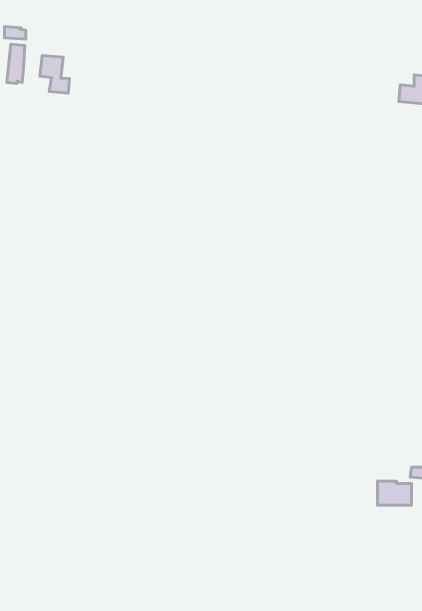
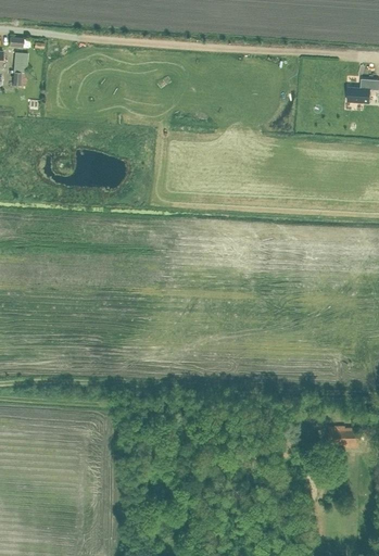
building: [40,55,69,93] -> none

